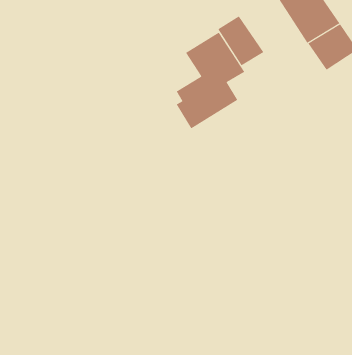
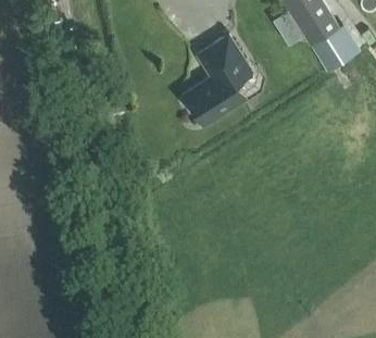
building: [218,16,264,66] -> none

